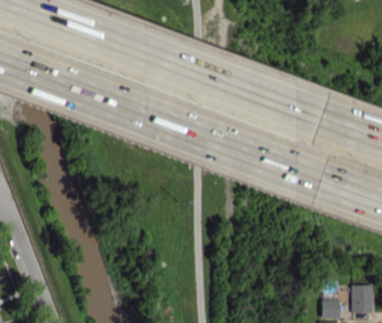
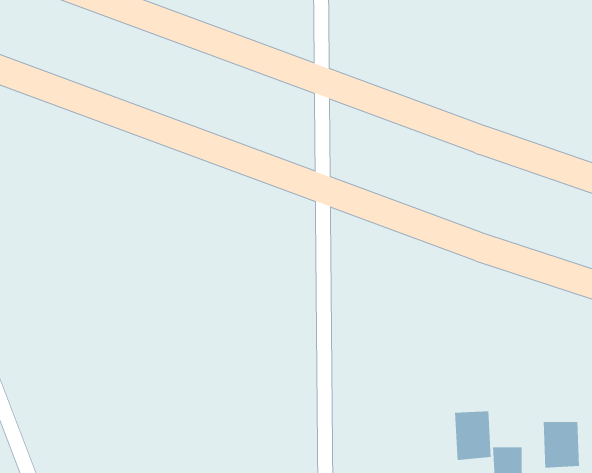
building: none -> [454,411,492,461]

